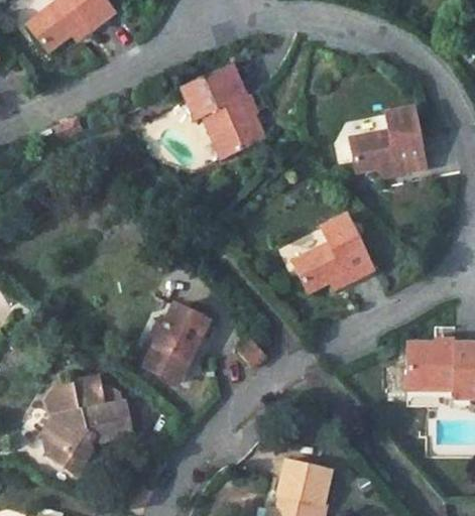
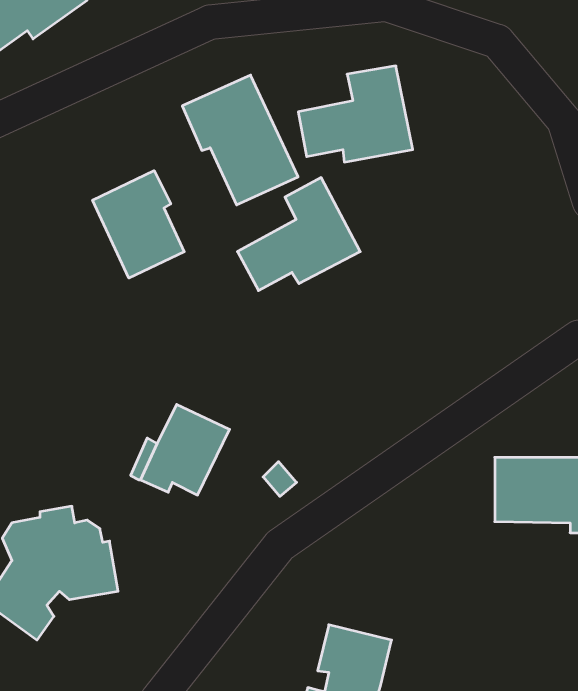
building: [347,106,430,175] -> [298,66,413,162]
building: none -> [93,171,184,278]
building: [283,215,372,296] -> [237,178,360,291]

